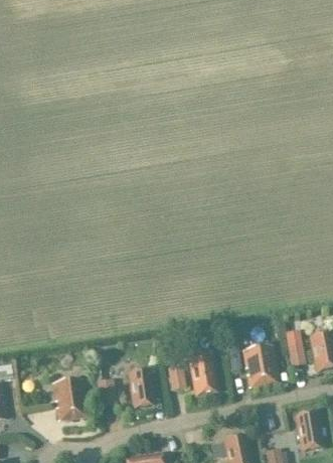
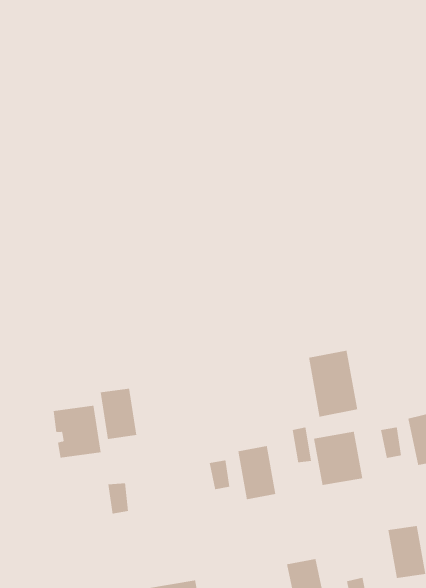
building: none -> [308,350,358,417]
building: [128,370,154,407] -> [100,388,137,439]
building: [52,380,87,418] -> [53,405,101,458]

